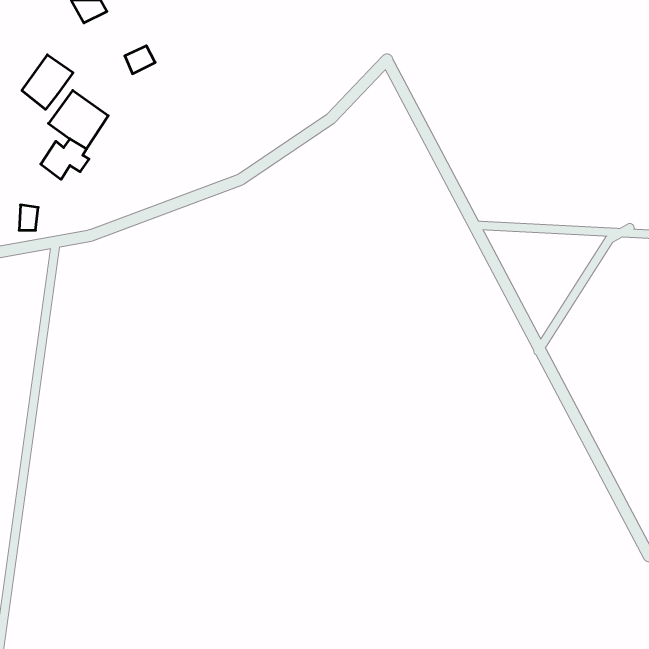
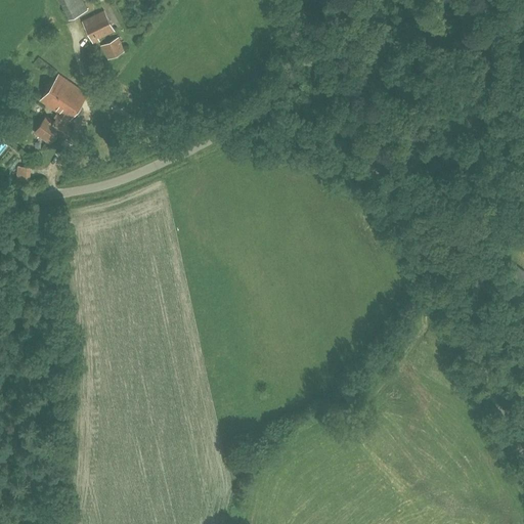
building: none -> [81,10,115,45]
building: [22,55,73,109] -> none

